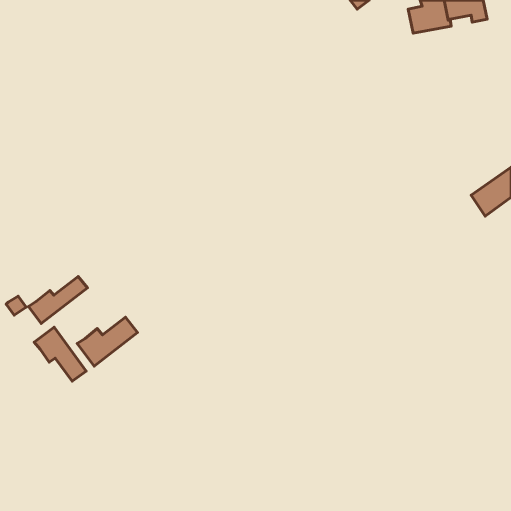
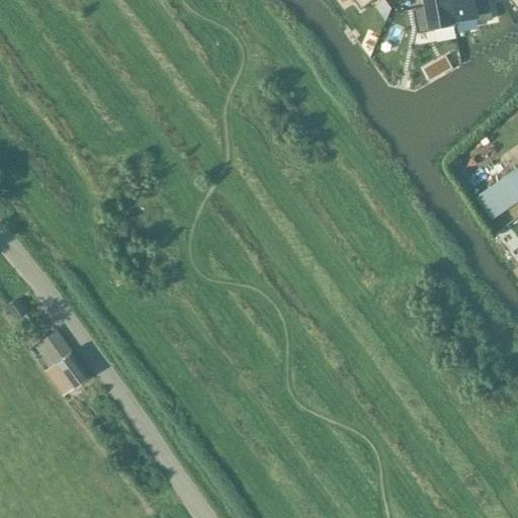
building: [28,277,87,323] -> none
building: [77,317,137,366] -> none

